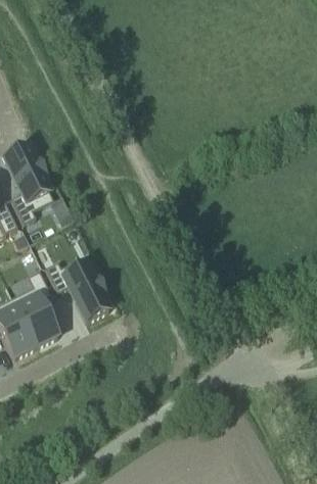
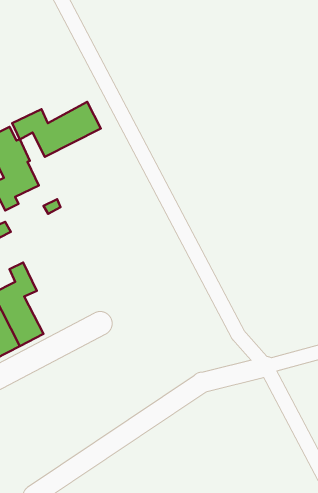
building: none -> [12,102,101,157]
building: [44,255,108,320] -> none

